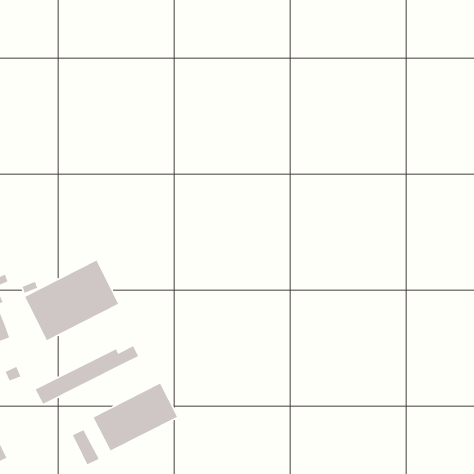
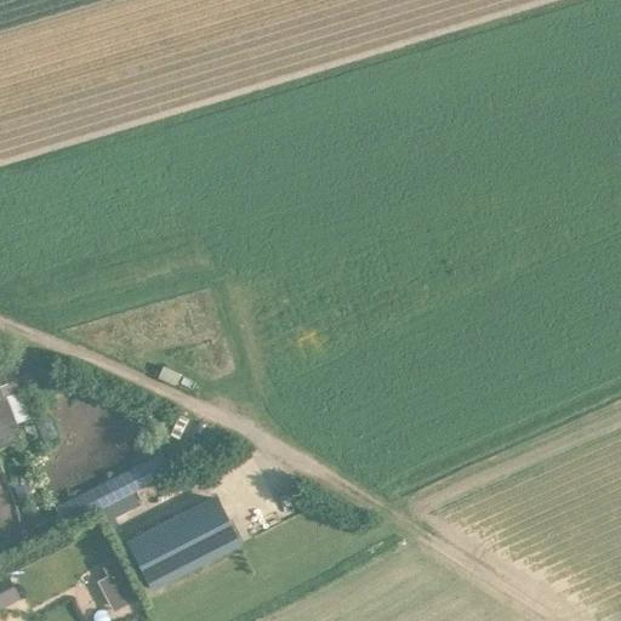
building: [24,260,119,341] -> none

